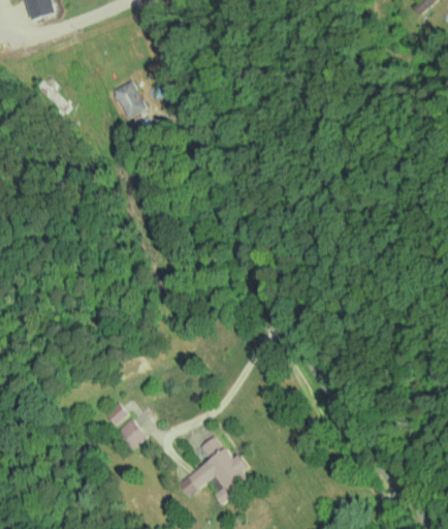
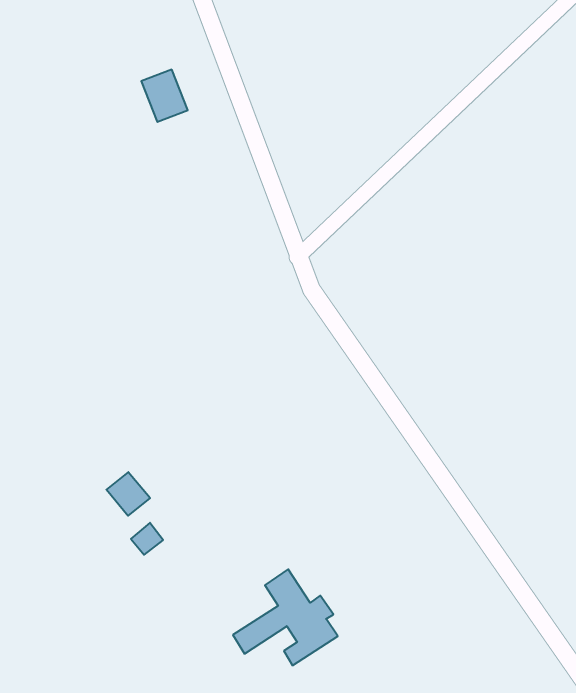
building: [115,417,146,448] -> [106,472,150,516]

